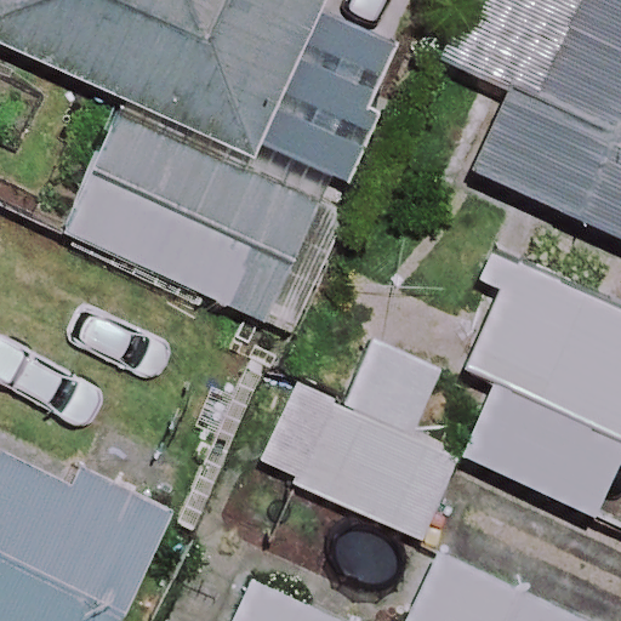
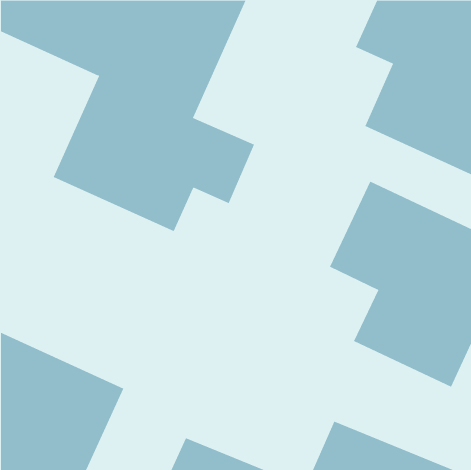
building: [251,337,467,556] -> none

